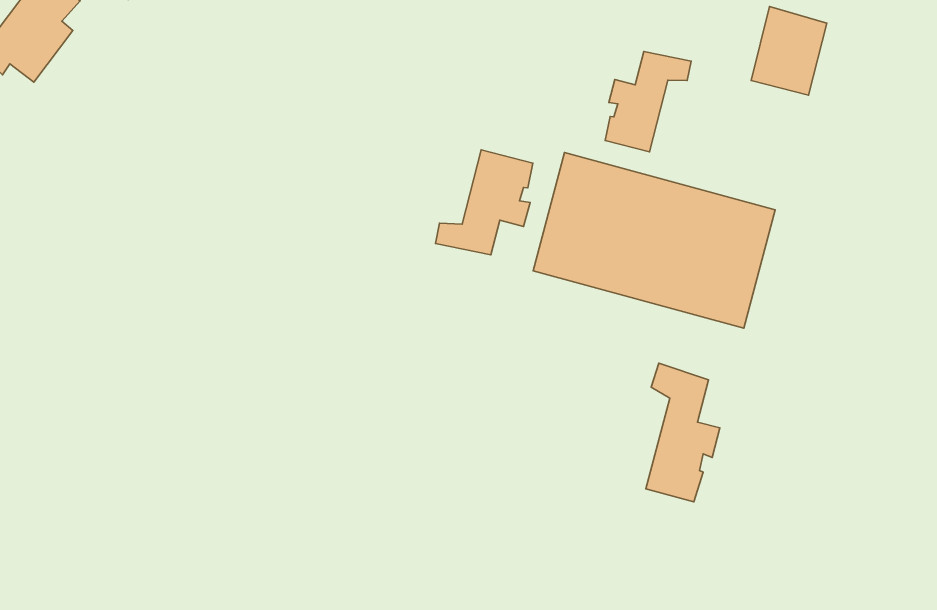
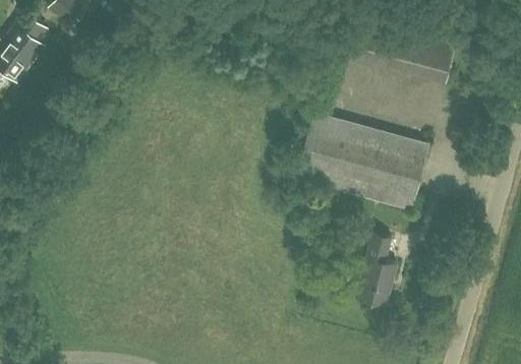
building: [605,51,691,152] -> none
building: [436,150,533,255] -> none

